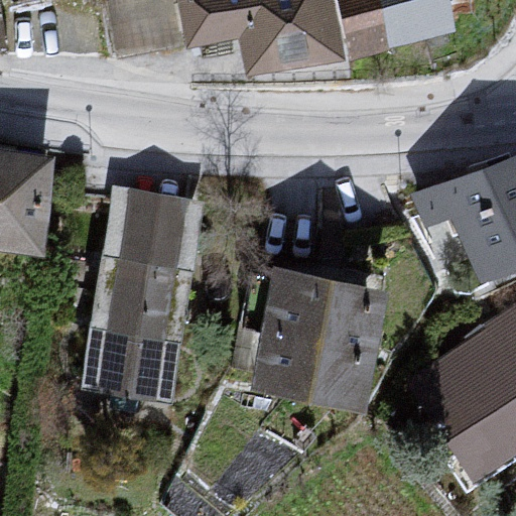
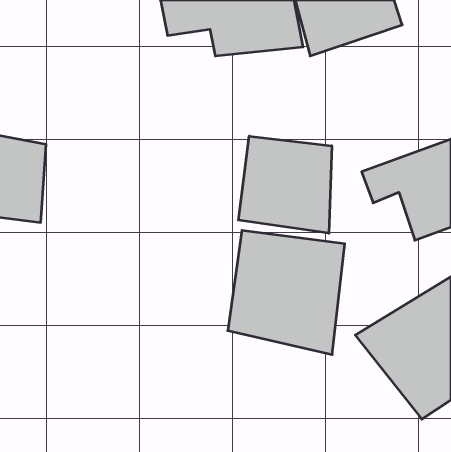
building: none -> [238,136,332,233]
building: [81,189,204,402] -> none

